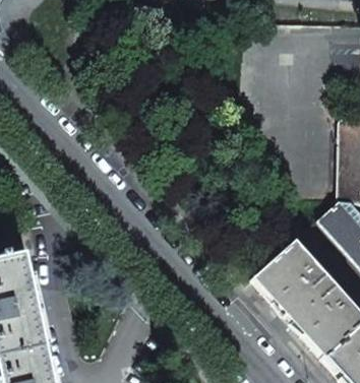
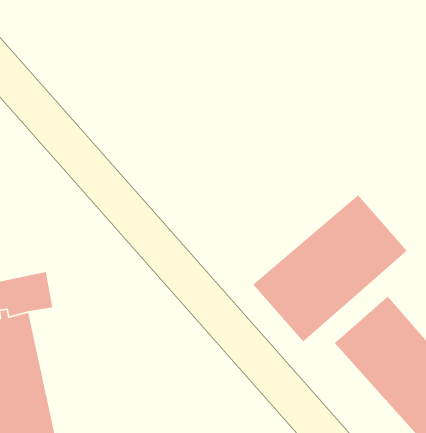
building: none -> [252,194,408,343]

